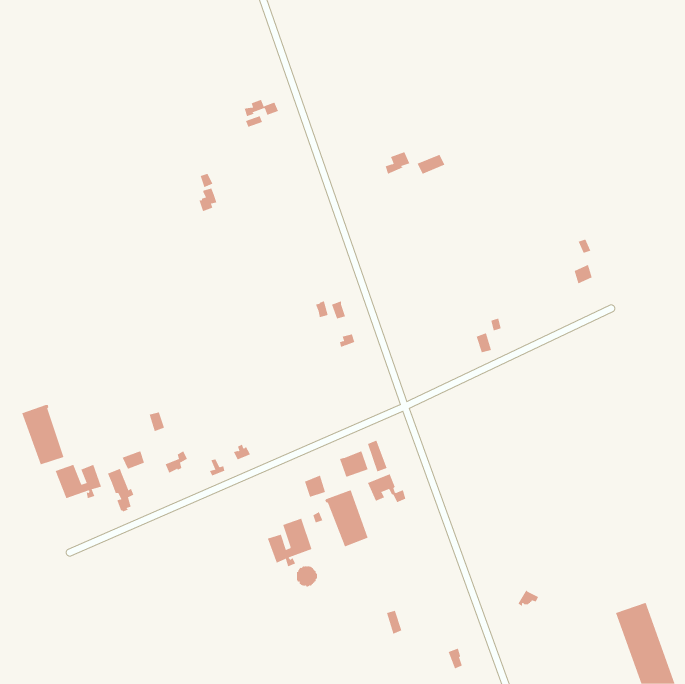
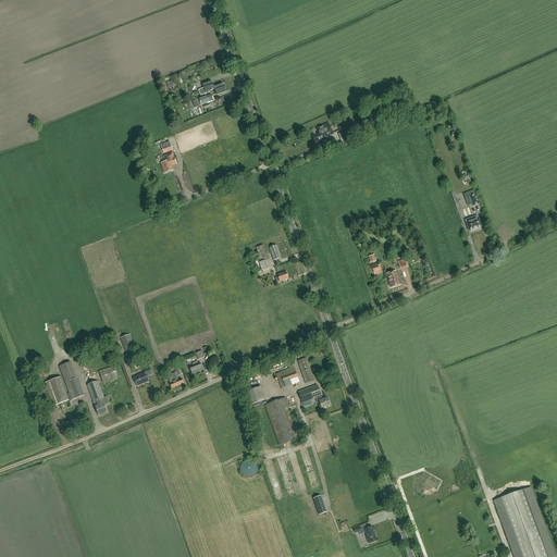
building: [22,404,64,465] -> none
building: [267,518,312,567] -> none

